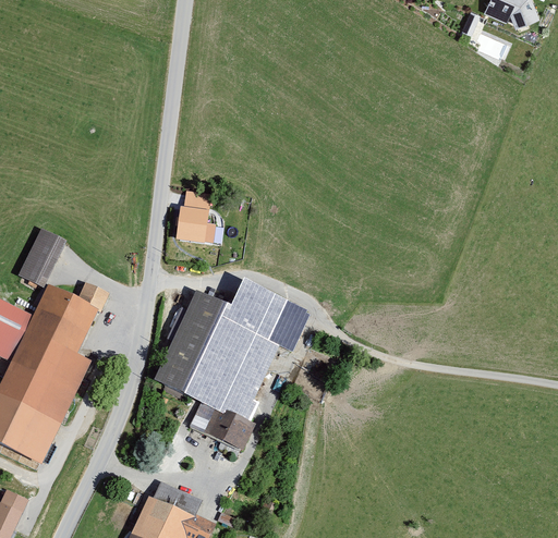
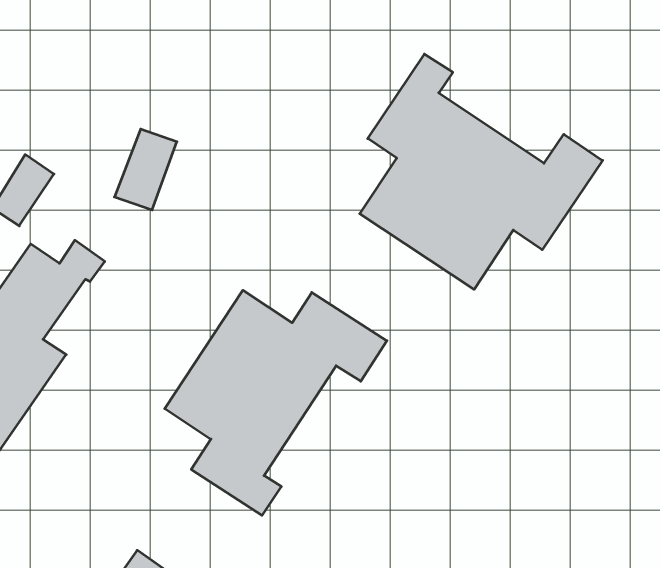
building: none -> [360,54,603,289]
building: [177,192,213,245] -> [114,129,177,210]

